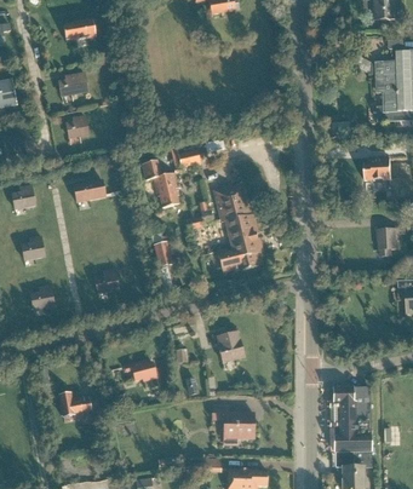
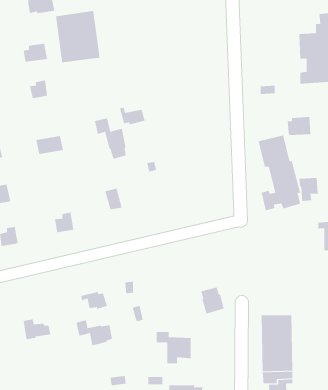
building: none -> [56,10,100,63]
building: [213,184,263,272] -> [258,135,301,211]
building: [217,332,245,363] -> [200,287,225,314]
building: none -> [76,320,112,346]

